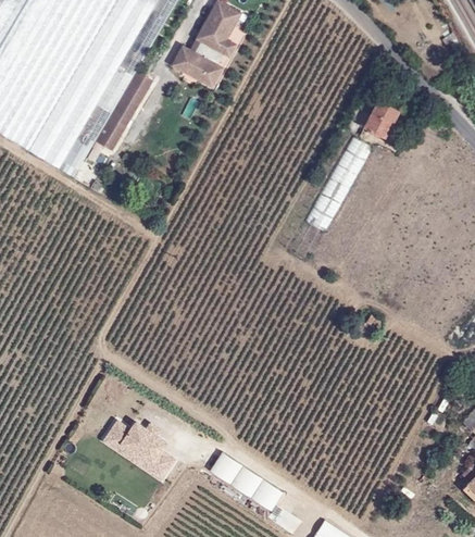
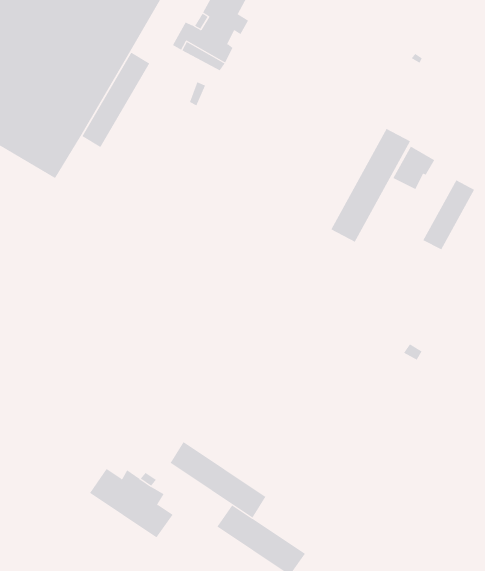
building: [362,99,398,136] -> [393,146,435,190]
building: none -> [423,180,475,250]
building: none -> [170,441,266,518]

